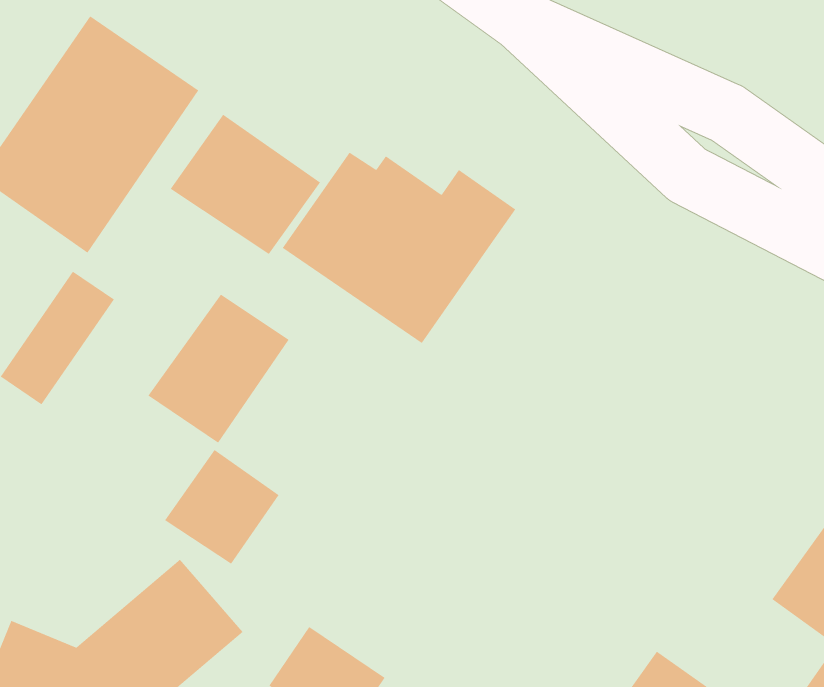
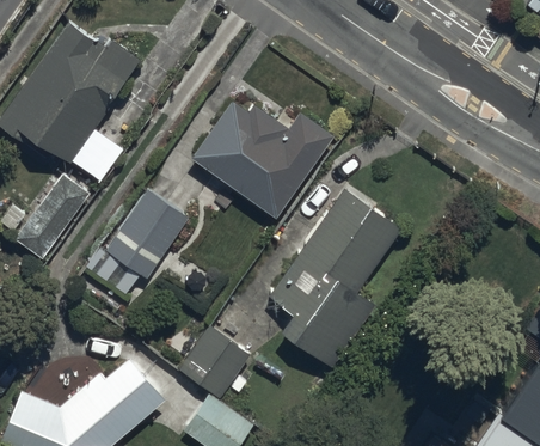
building: [170,114,321,255] -> none
building: none -> [269,188,403,367]
building: [164,449,279,564] -> [178,326,250,398]

